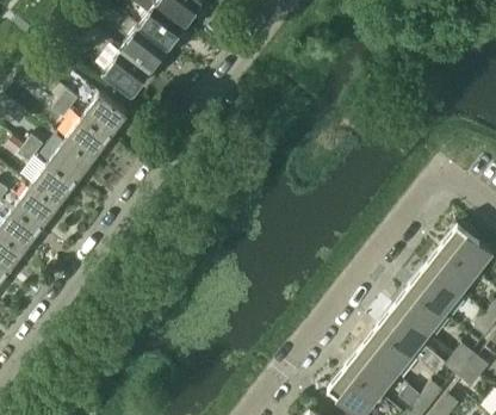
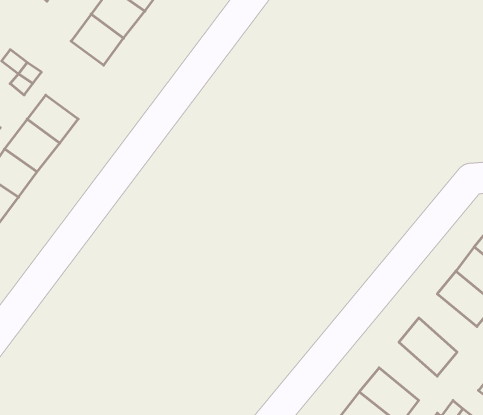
building: [81,95,126,140] -> none
building: [395,286,444,335] -> none
building: [361,327,410,376] -> none

